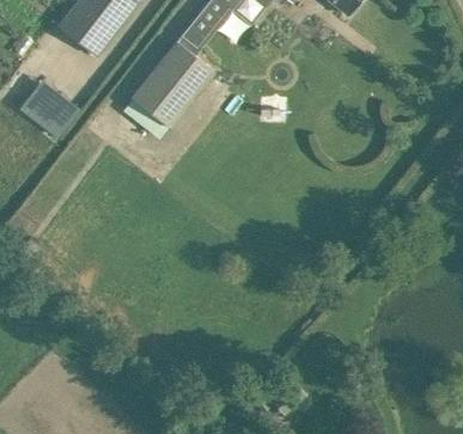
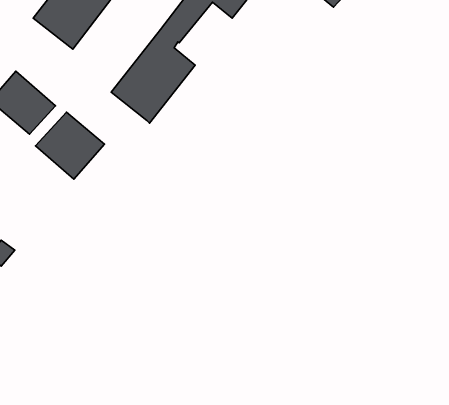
building: none -> [36,112,105,179]

